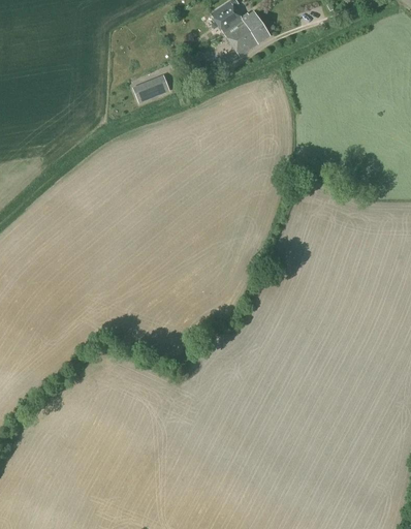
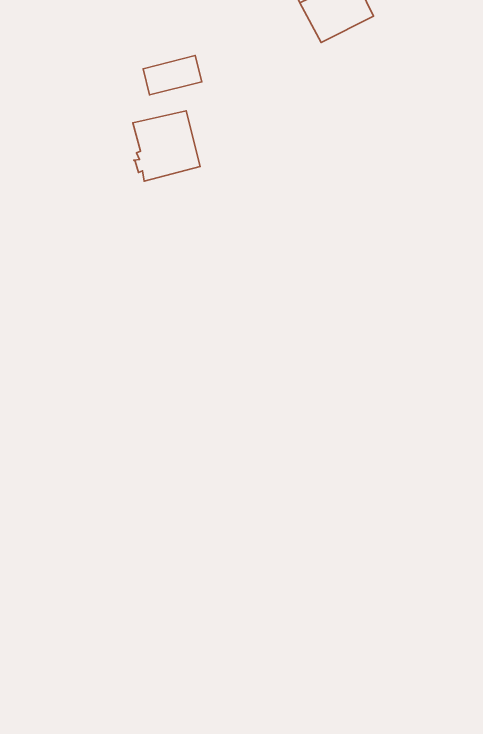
building: none -> [133,111,200,181]

